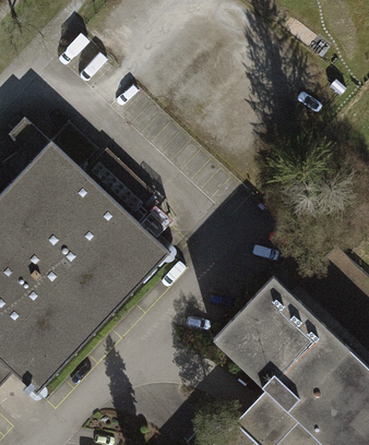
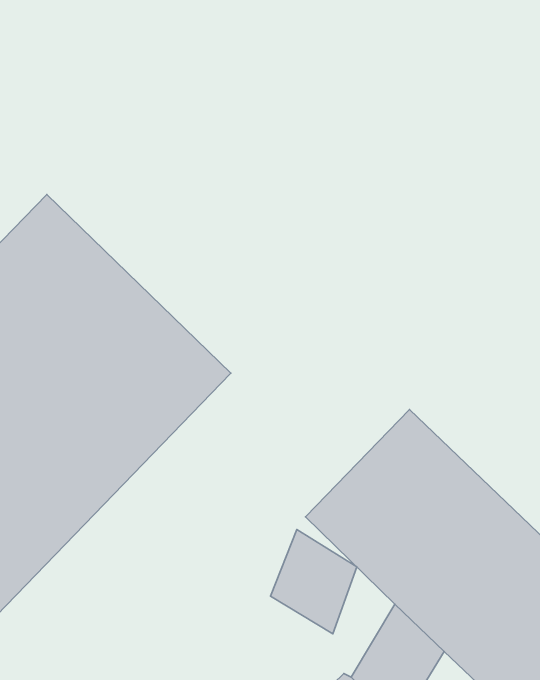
building: none -> [271,530,357,634]

